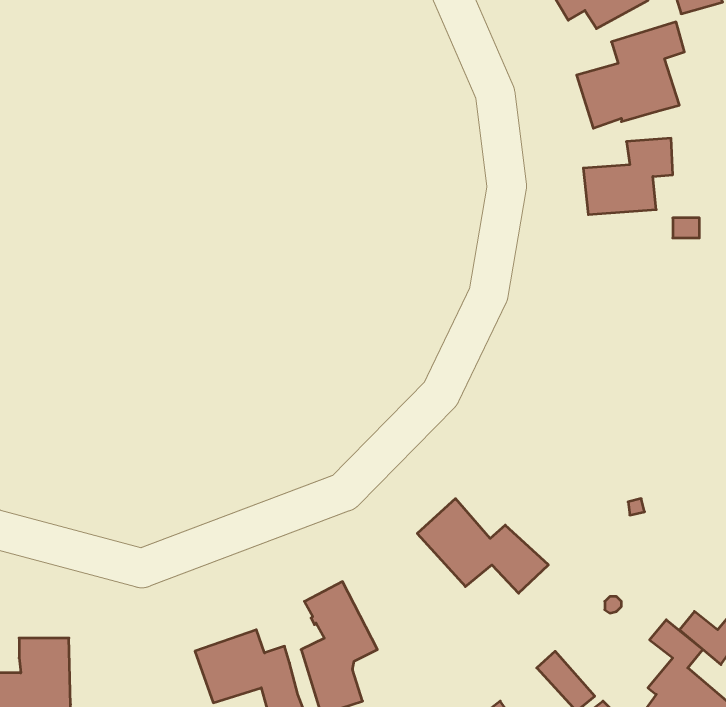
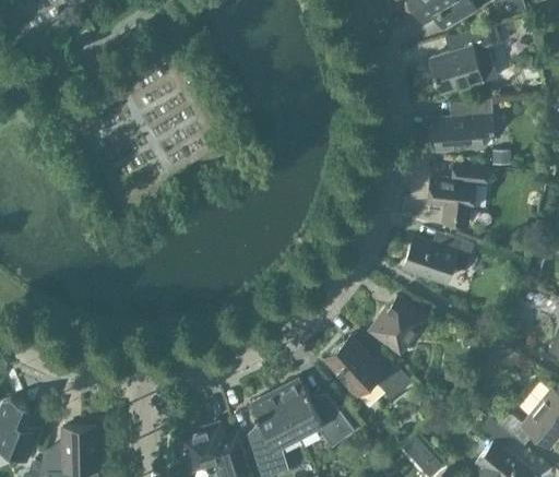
building: none -> [427,166,488,227]
building: none -> [403,236,473,283]
building: none -> [370,299,425,354]
building: none -> [275,380,354,450]

